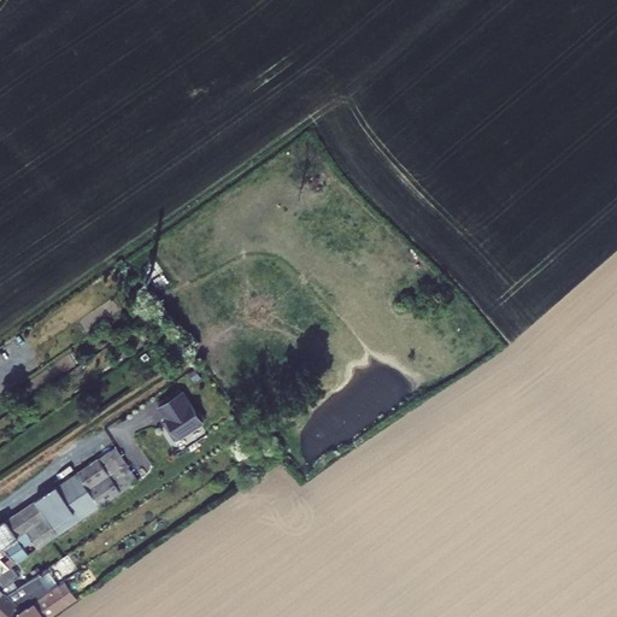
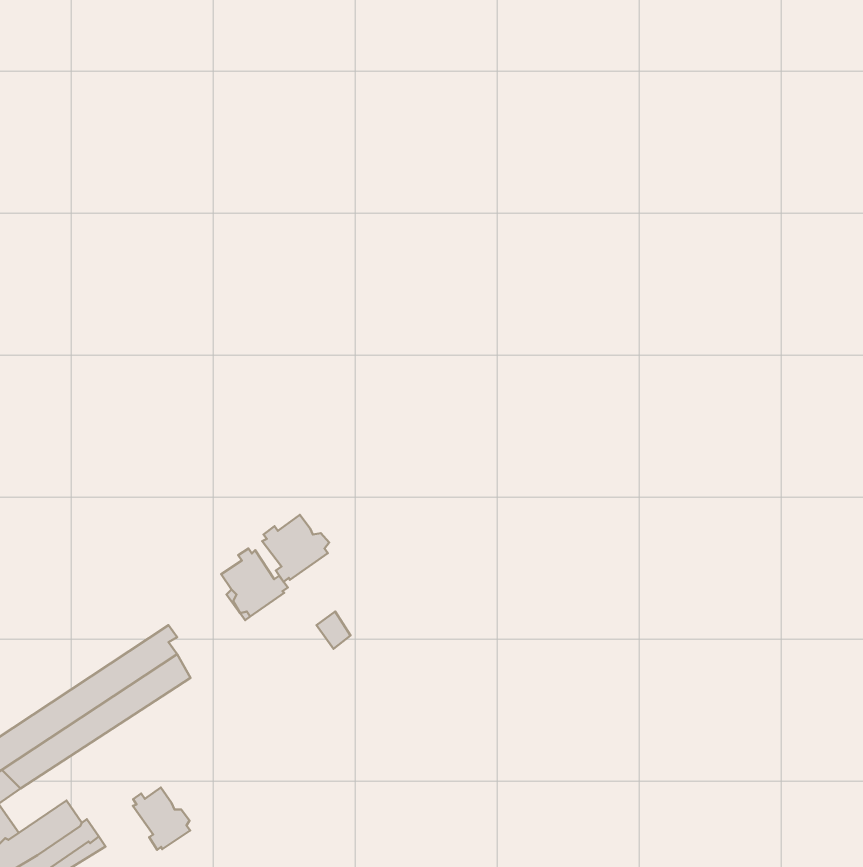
building: none -> [262,515,329,582]
building: none -> [133,787,190,850]

